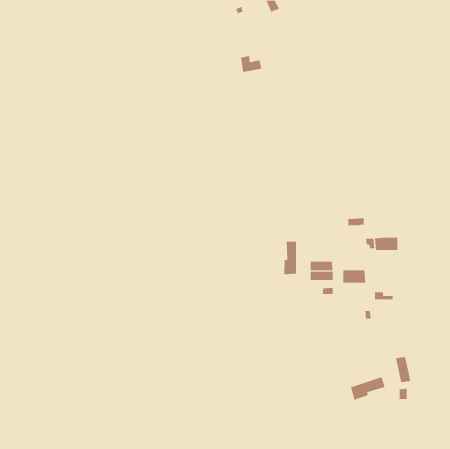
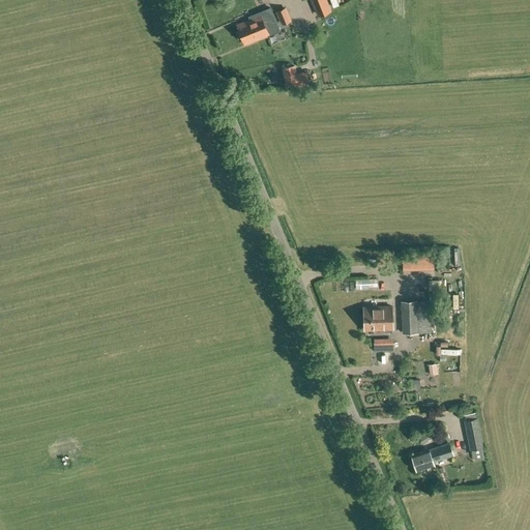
building: none -> [234,9,278,45]
building: [374,237,398,251] -> [401,303,429,319]
building: [284,241,296,275] -> none

